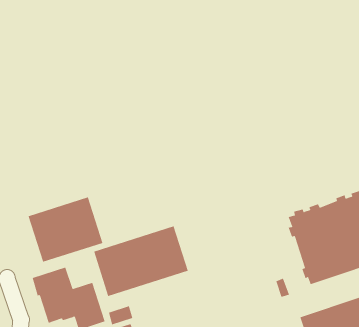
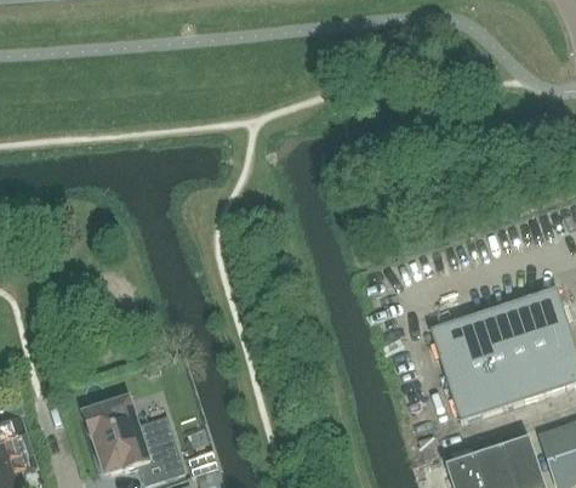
building: [28,196,103,263] -> none
building: [93,225,188,297] -> none

